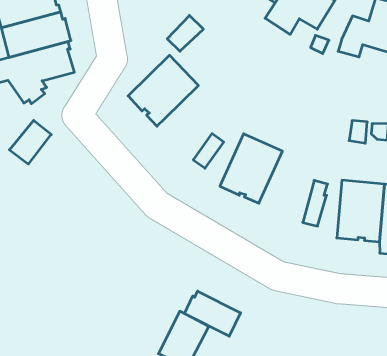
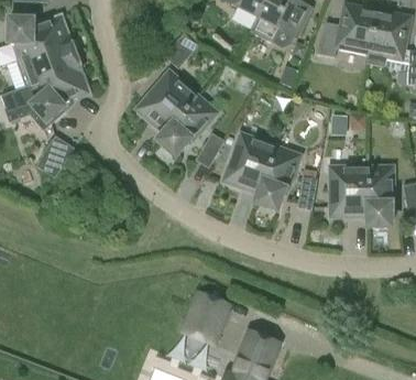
building: none -> [157,94,217,155]
building: none -> [254,144,300,210]
building: [184,291,241,336] -> none

